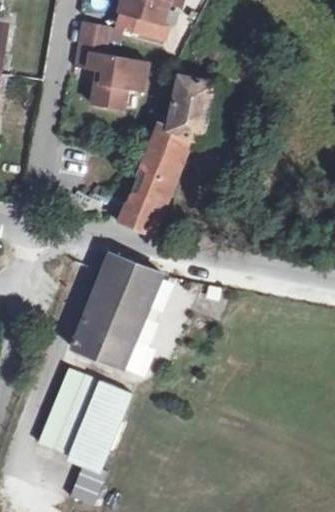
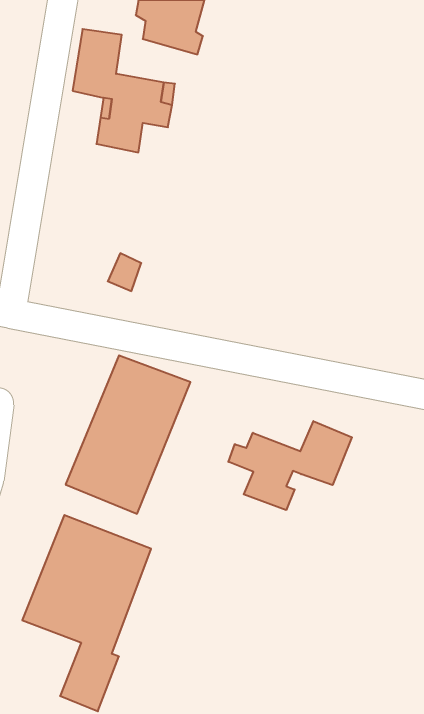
building: [119,75,213,233] -> none
building: none -> [228,421,352,510]

